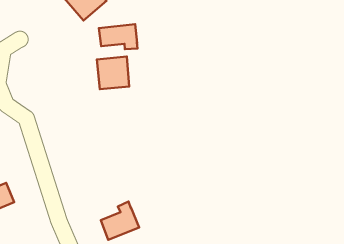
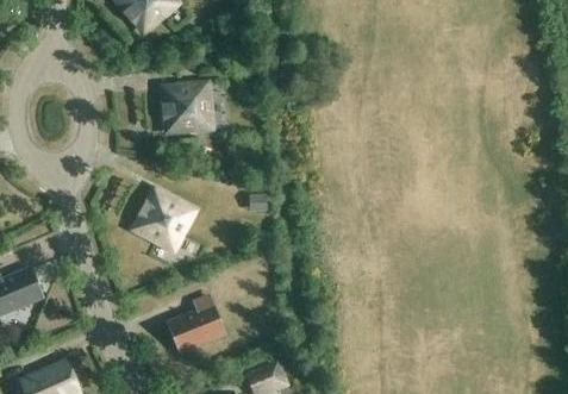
building: [99,24,138,49] -> none
building: none -> [133,189,193,249]

